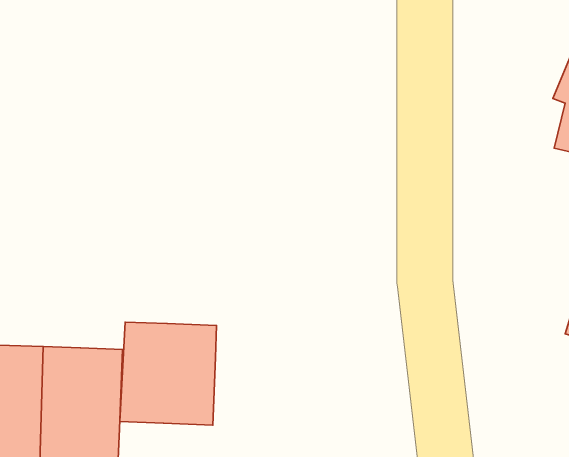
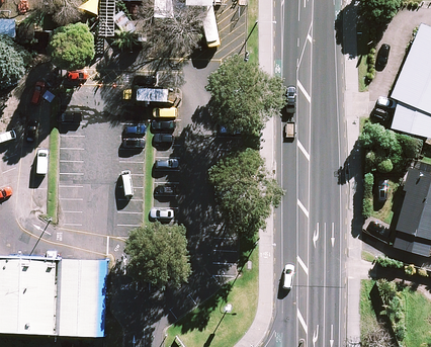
building: [120,322,217,425] -> none

